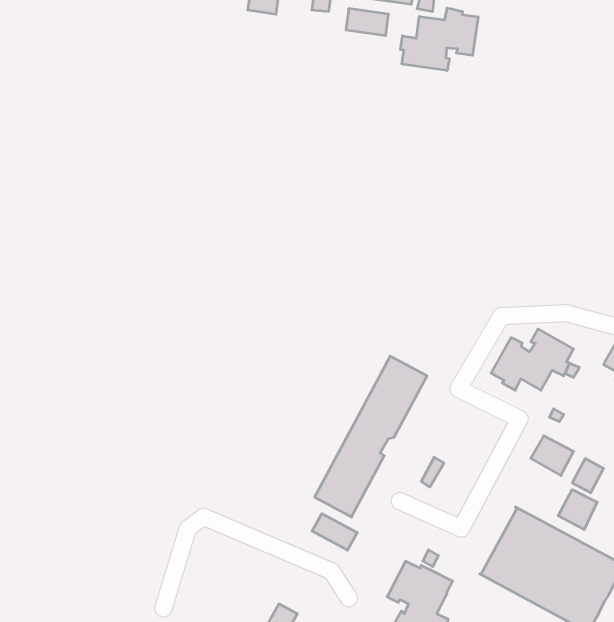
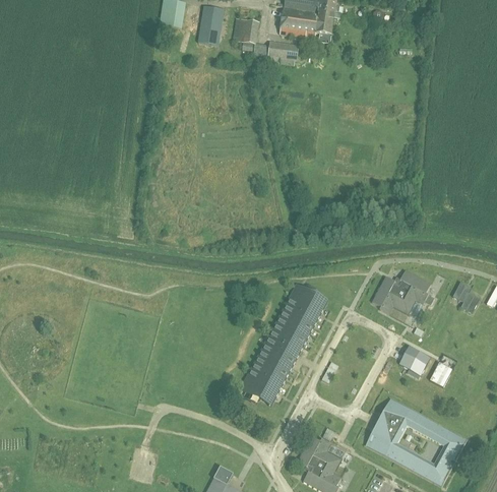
building: [400,8,478,71] -> none
building: [558,490,597,530] -> none
building: [312,514,357,550] -> none

